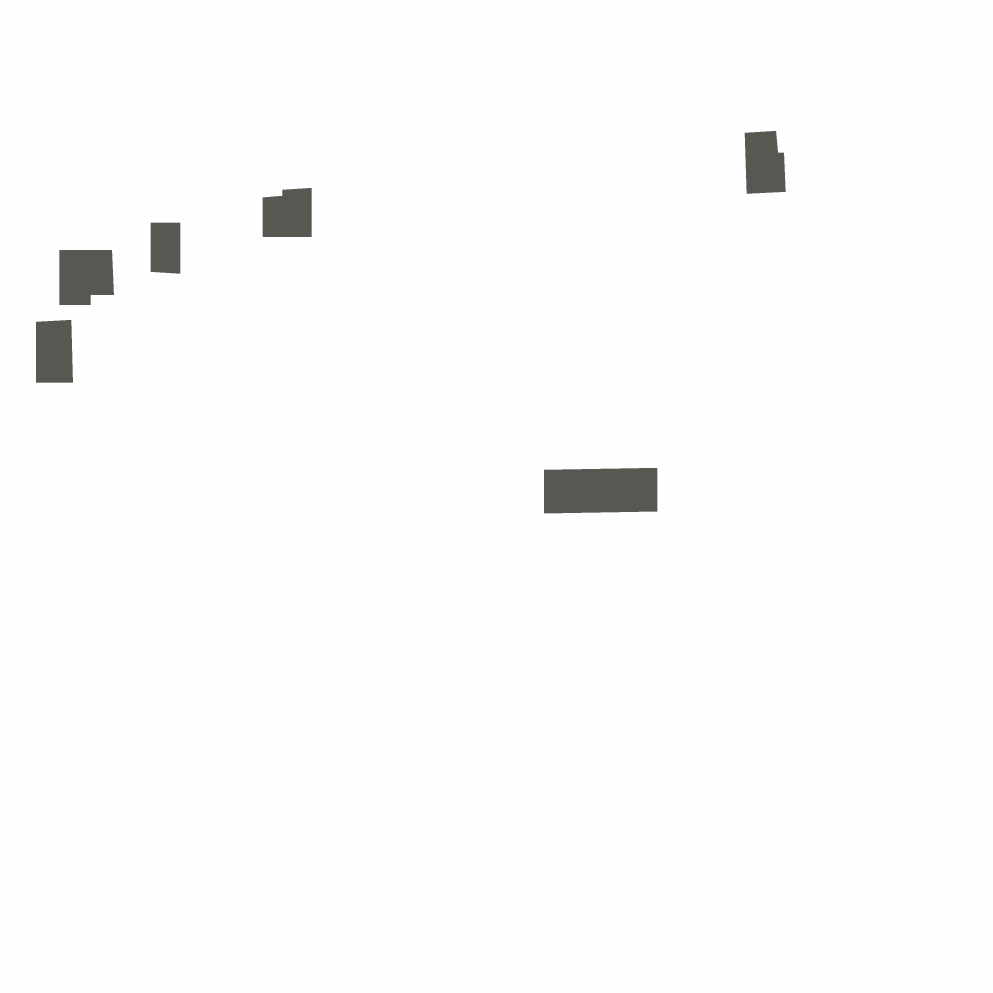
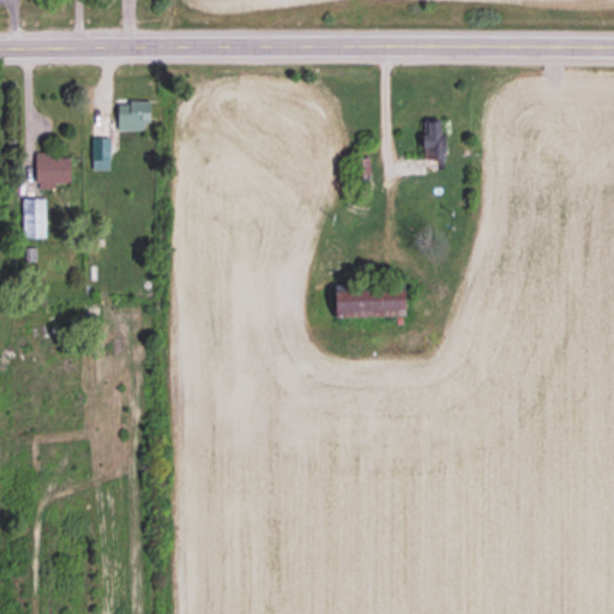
building: [744,130,787,195] -> [423,121,450,161]
building: [262,187,313,238] -> [119,100,150,131]

